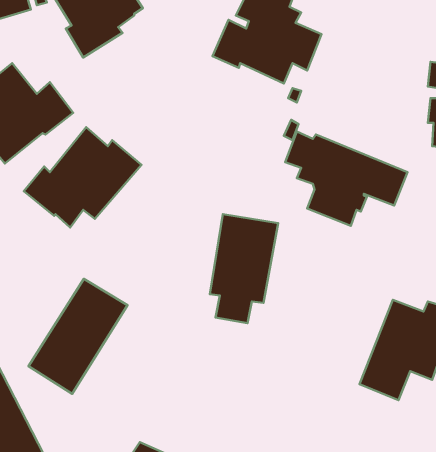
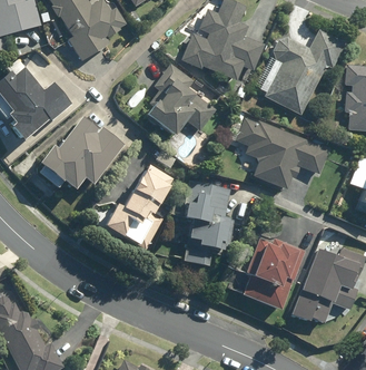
building: none -> [265,30,345,115]
building: none -> [142,64,216,137]
building: [29,279,127,394] -> [107,164,182,252]
building: none -> [241,234,304,309]

